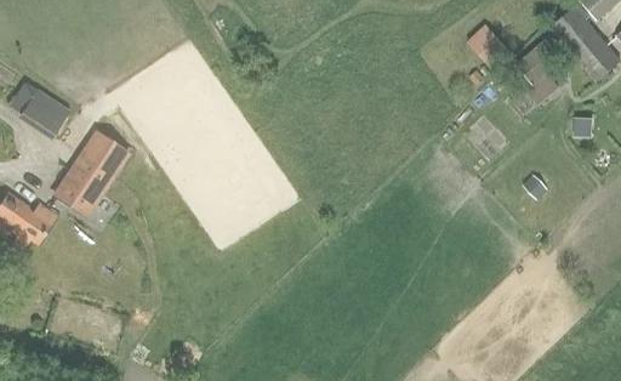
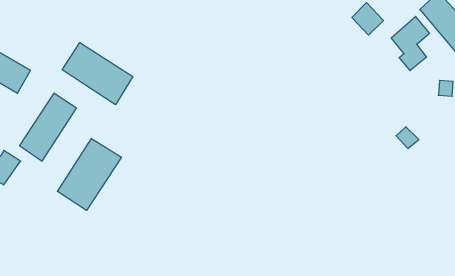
building: none -> [62,43,133,105]
building: none -> [57,138,121,210]

